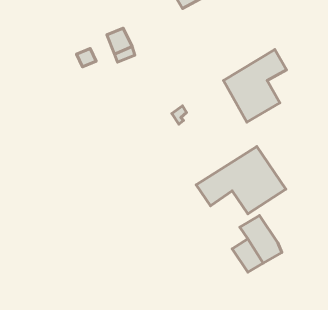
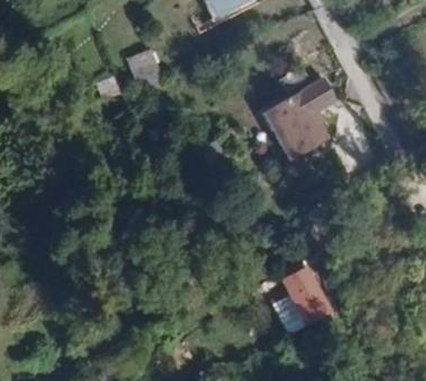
building: [196,146,286,214] -> none

